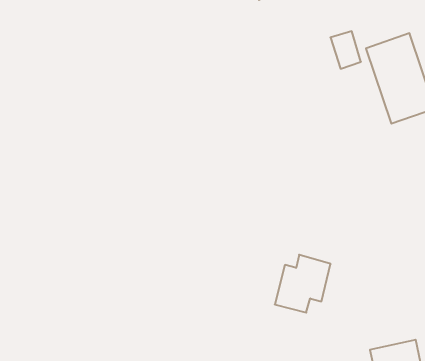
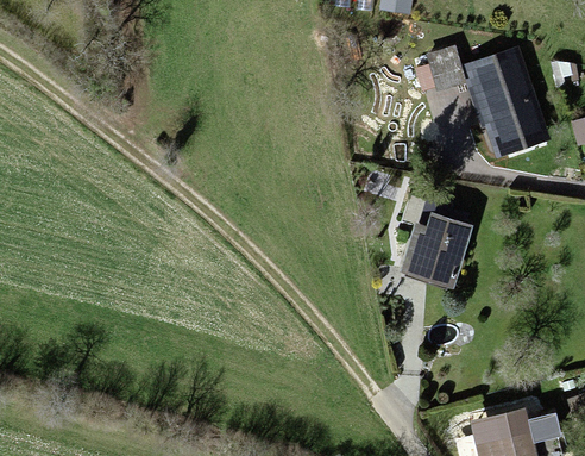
building: [275,255,331,313] -> [402,214,467,282]

